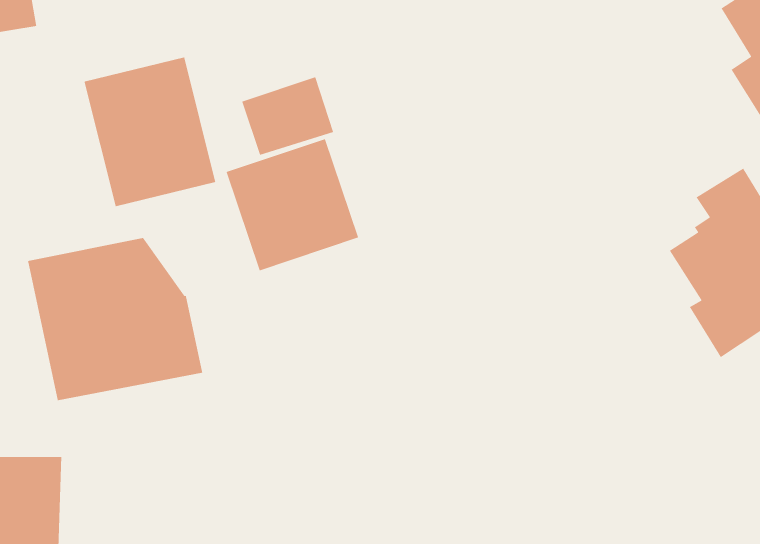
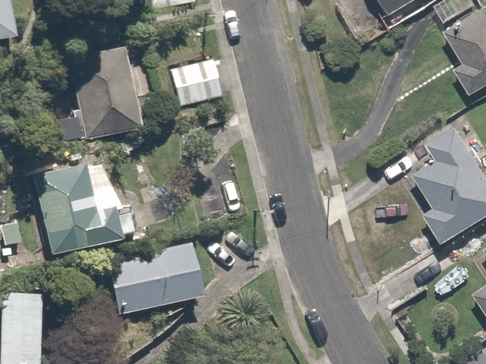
building: [226,138,359,271] -> none
building: none -> [96,246,204,328]

